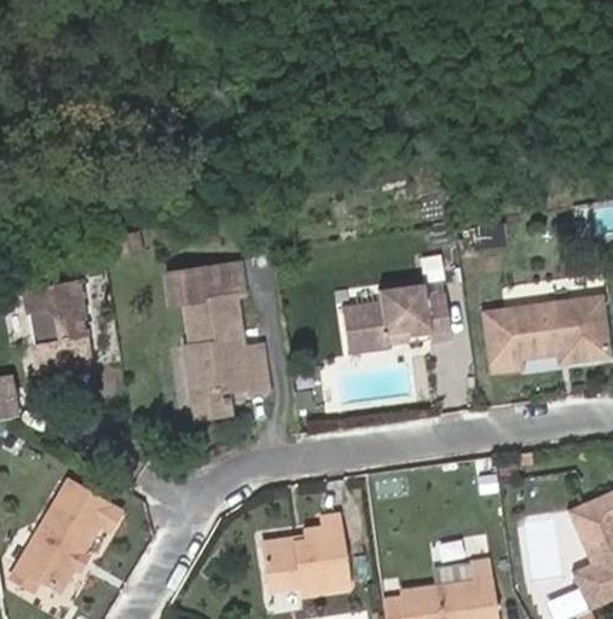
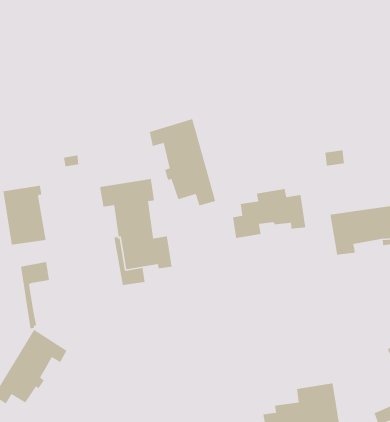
building: none -> [149,118,216,207]
building: none -> [20,261,50,329]
building: [270,513,359,592] -> none

